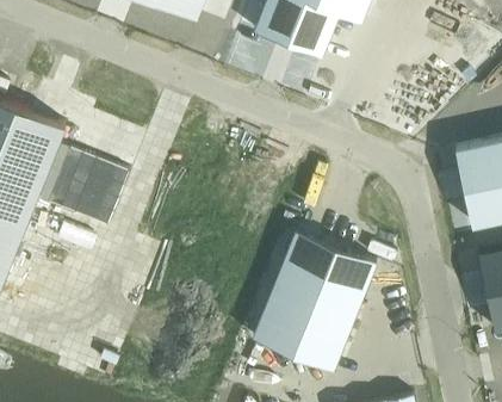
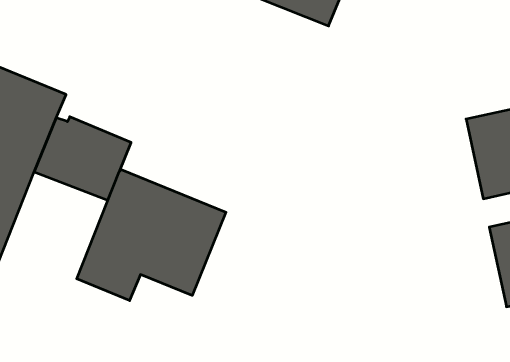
building: none -> [77,170,226,301]
building: [252,233,376,372] -> none

